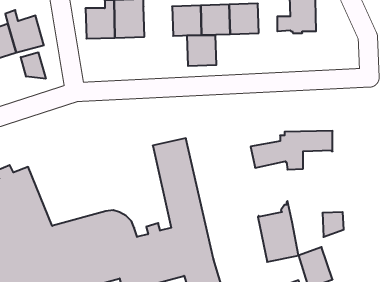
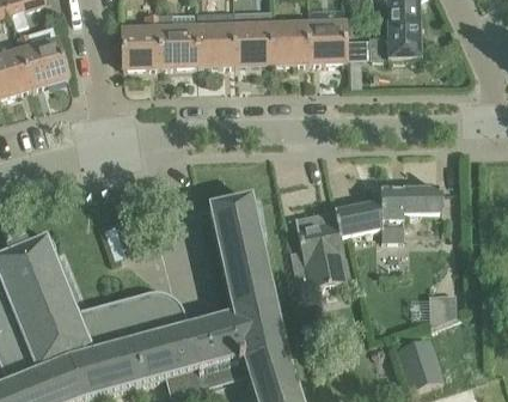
building: [187,35,216,66] -> [197,26,235,66]
building: [21,52,46,79] -> none
building: [258,201,298,262] -> [298,208,350,287]

